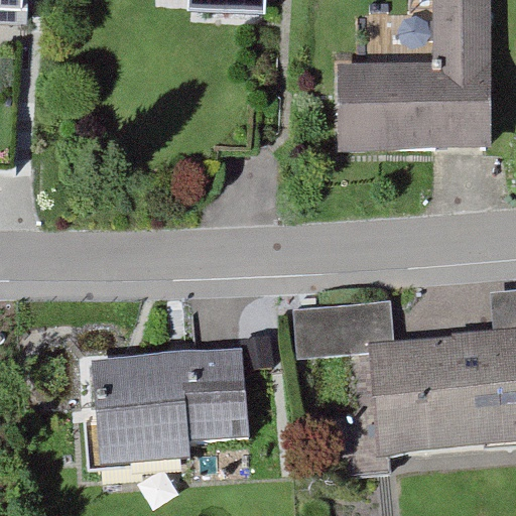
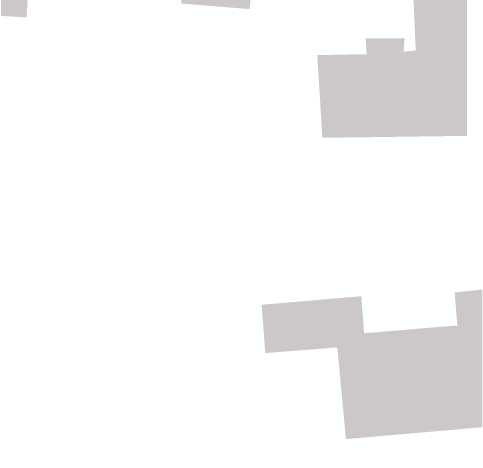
building: [66,367,237,492] -> none

